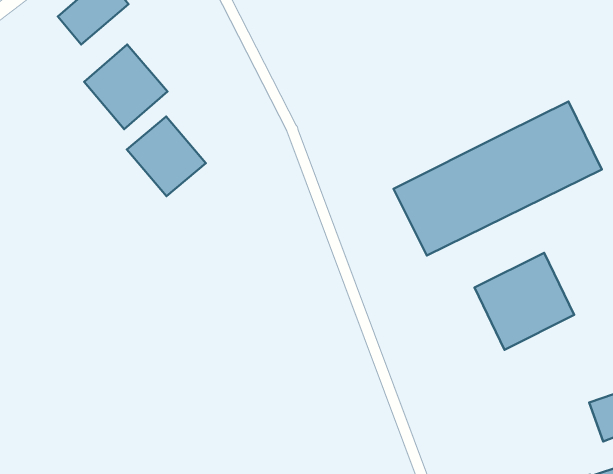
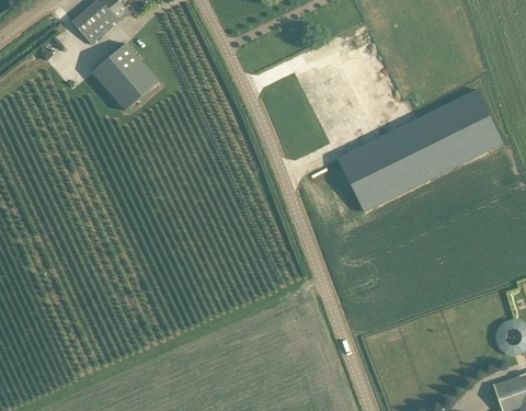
building: [127,116,206,196] -> none
building: [474,253,574,350] -> none

